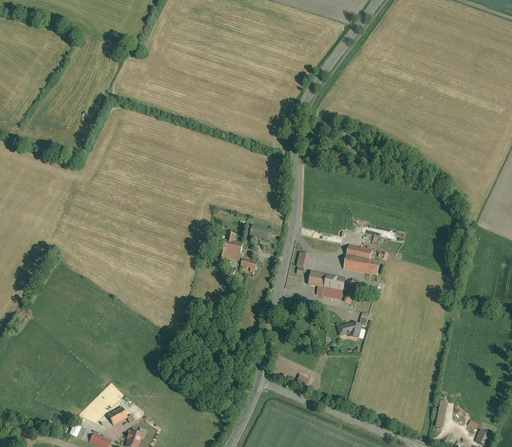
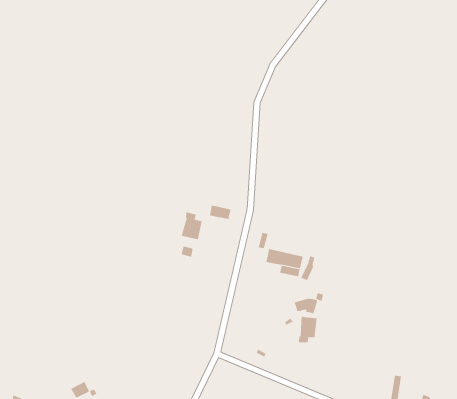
building: [343,244,379,276] -> none
building: none -> [298,316,317,343]

